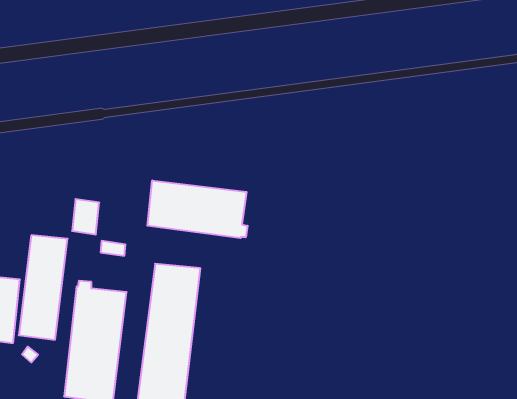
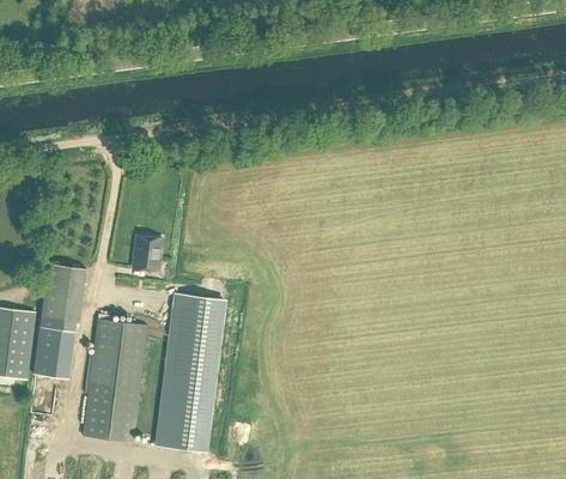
building: [147,180,248,238] -> none
building: [72,199,99,234] -> [132,232,160,269]

